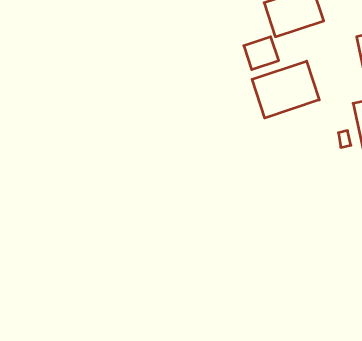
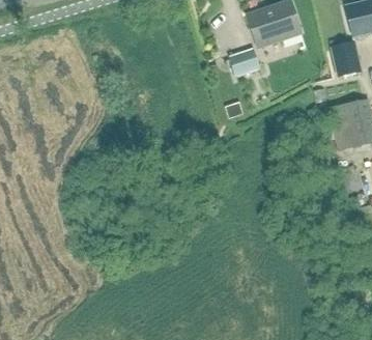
building: [252,61,319,118] -> none

